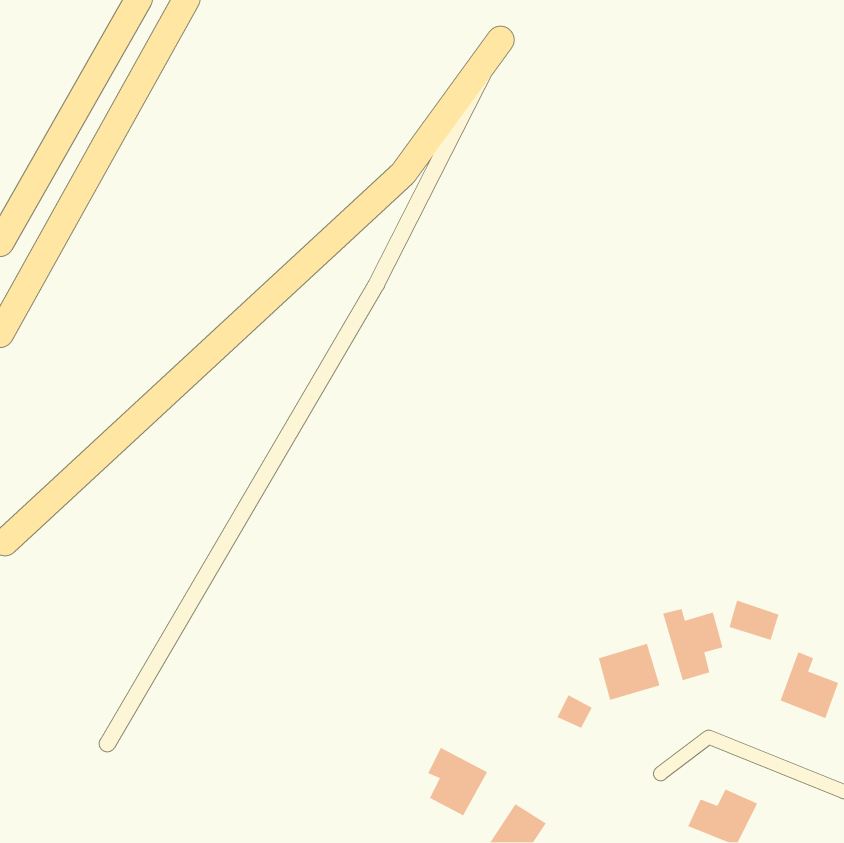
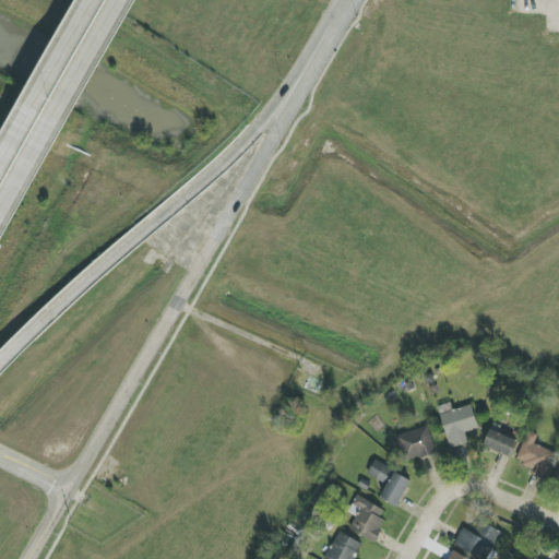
building: [728,599,780,641] -> [484,429,518,456]
building: none -> [380,472,411,507]
building: [427,747,488,816] -> [348,495,389,540]

